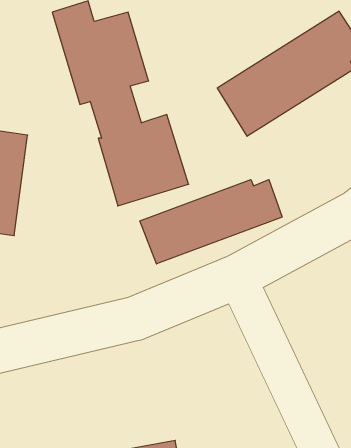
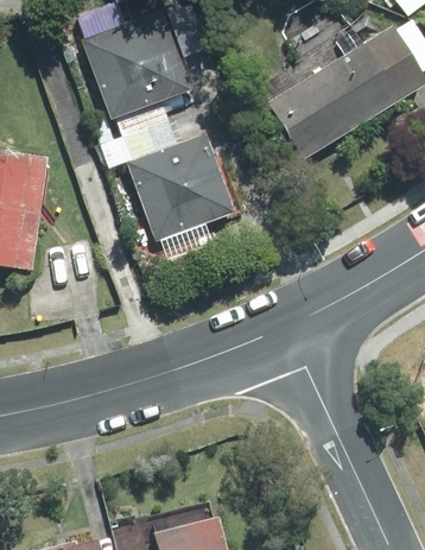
building: [140,180,282,264] -> none

